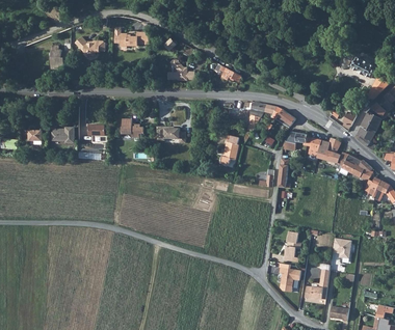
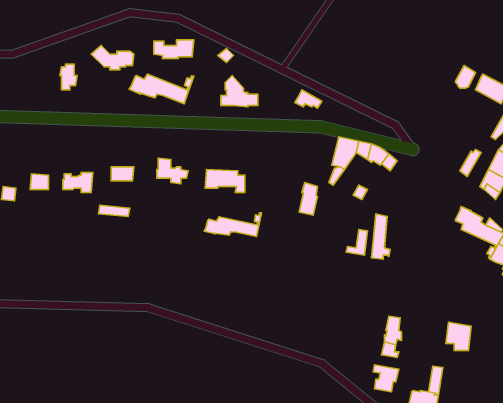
building: none -> [129,74,194,104]
building: [281,132,341,162] -> none
building: none -> [204,213,262,237]

